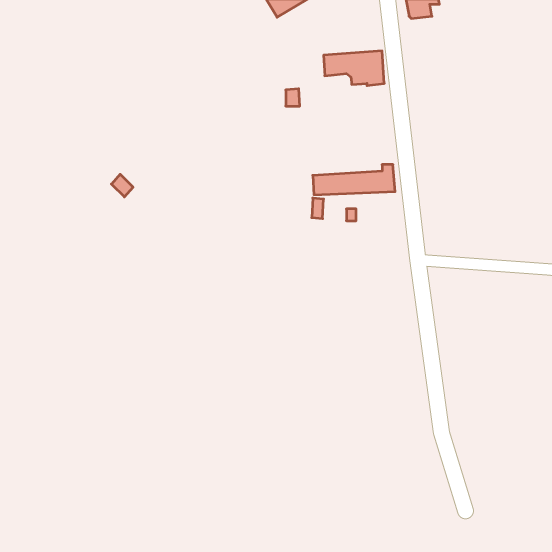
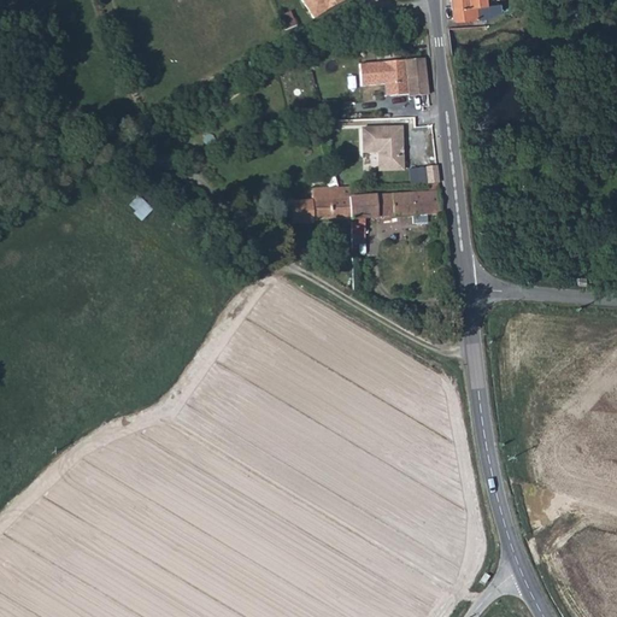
building: none -> [362,125,401,169]
building: none -> [302,186,349,218]

